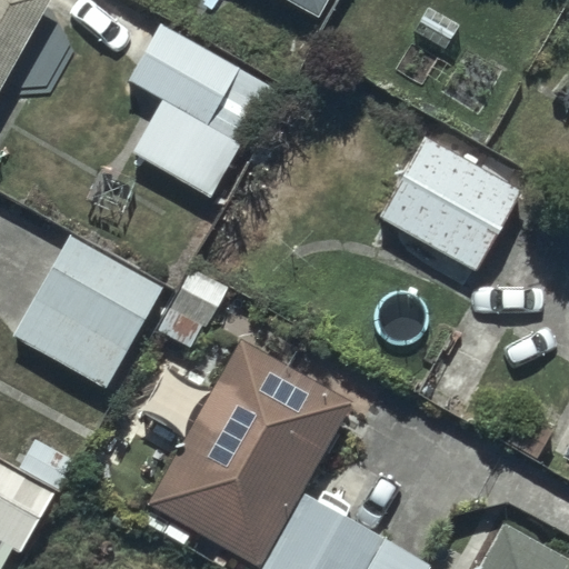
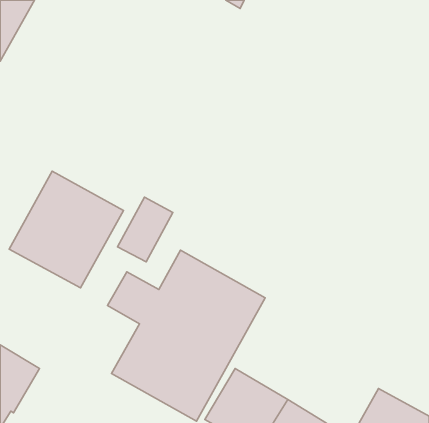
building: [126,24,289,154] -> none
building: [375,136,522,277] -> none

